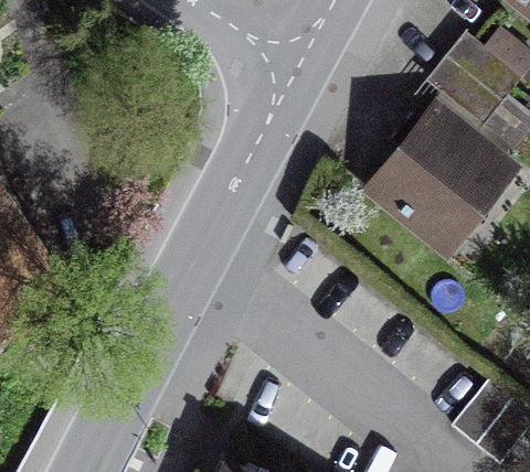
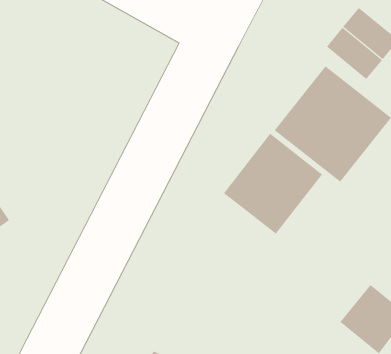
building: none -> [223,133,323,235]

